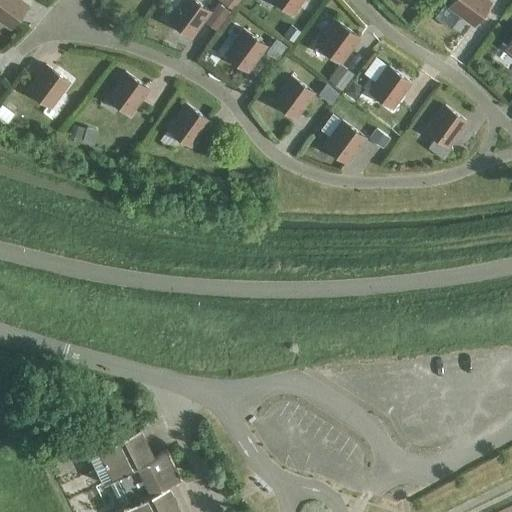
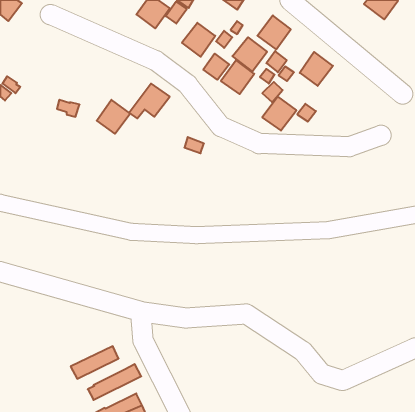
building: none -> [232,37,267,72]
building: [27,67,68,108] -> none
building: none -> [203,54,229,80]
building: [107,73,148,115] -> [97,100,130,134]
building: [425,106,466,161] -> none
building: [95,445,153,485] -> none
building: [115,467,181,507] -> none

